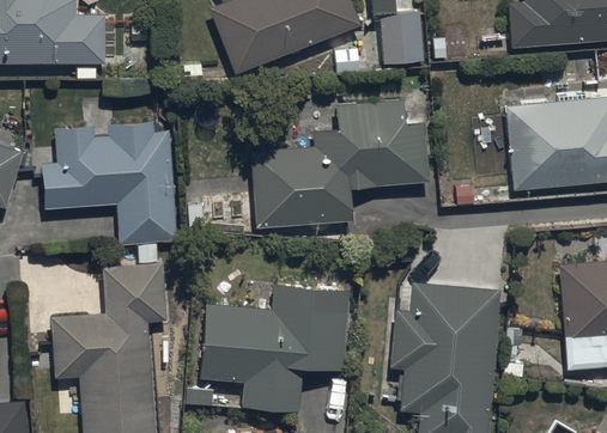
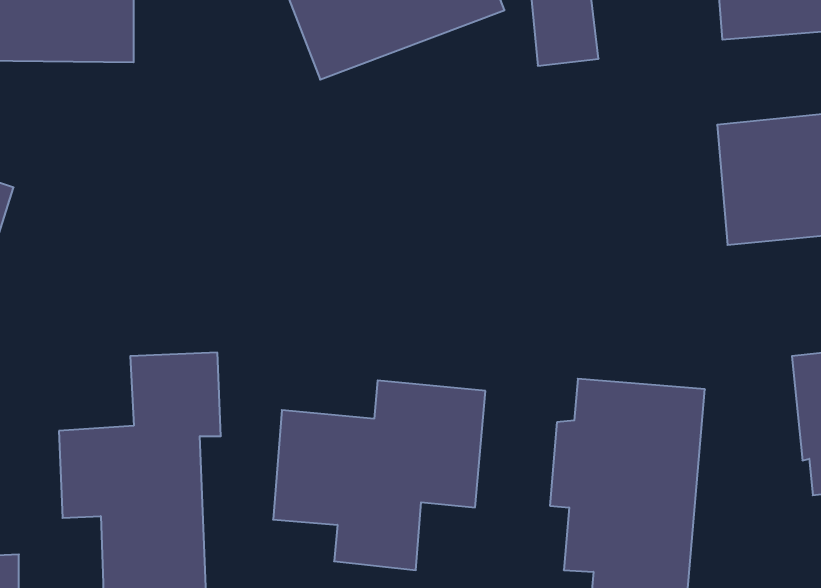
building: [251,99,427,228] -> none
building: [35,121,175,243] -> none

